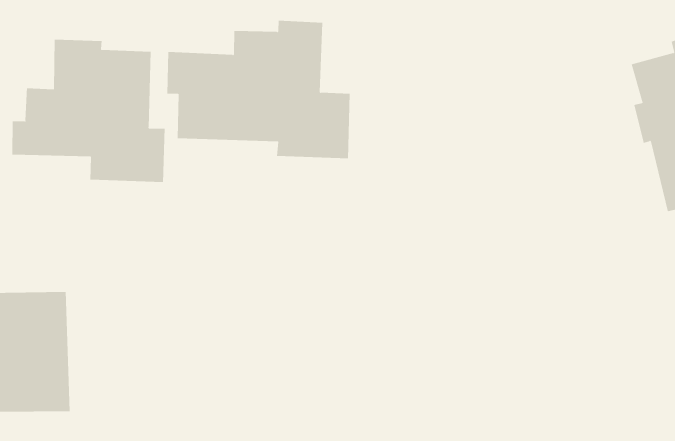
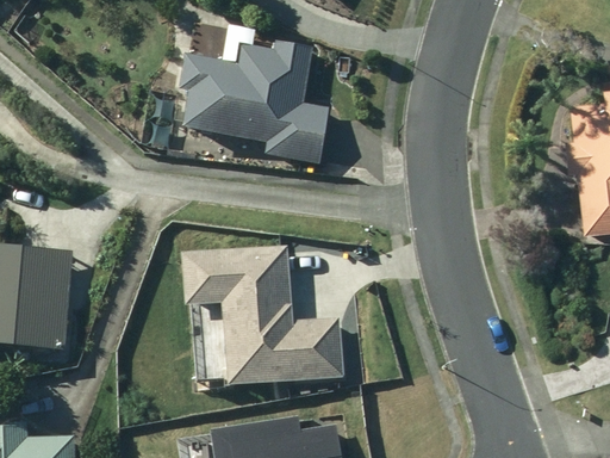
building: [12,39,165,183] -> none
building: none -> [175,243,341,380]

